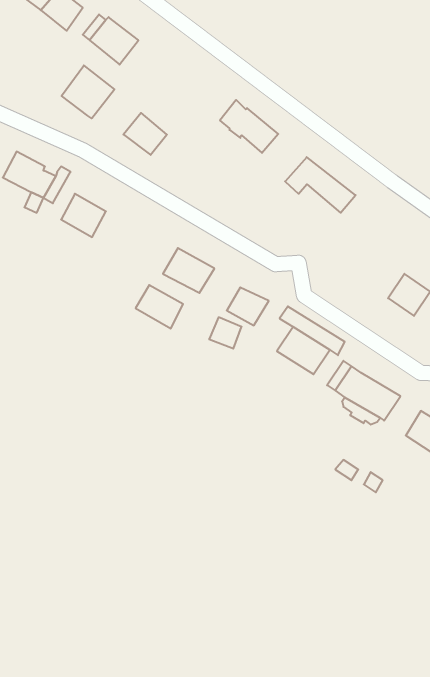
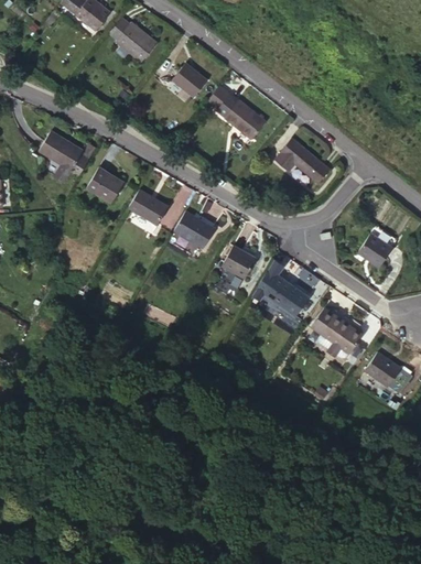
building: [62,65,114,118] -> none
building: [123,113,167,155] -> [170,59,205,94]
building: [136,285,183,329] -> [130,189,169,225]

